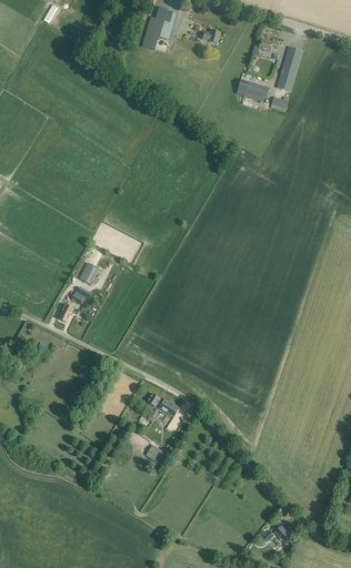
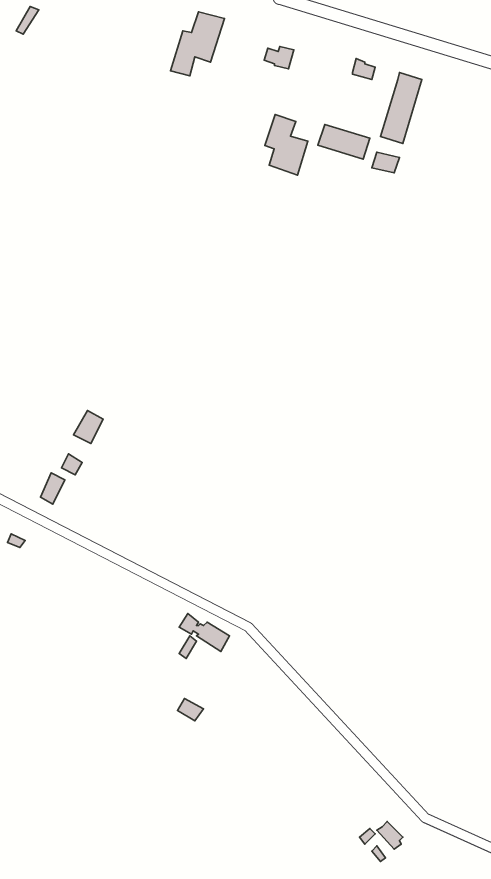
building: none -> [265,115,308,175]

